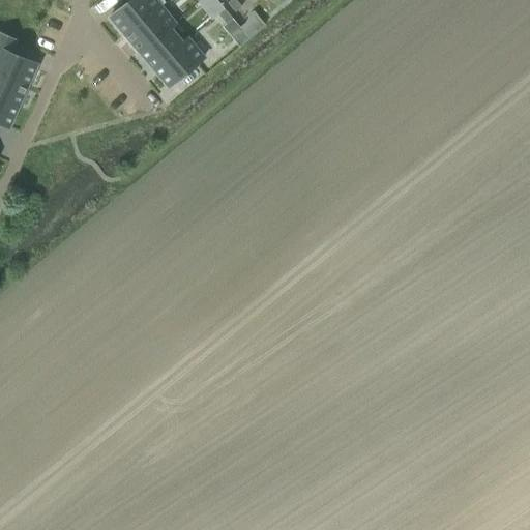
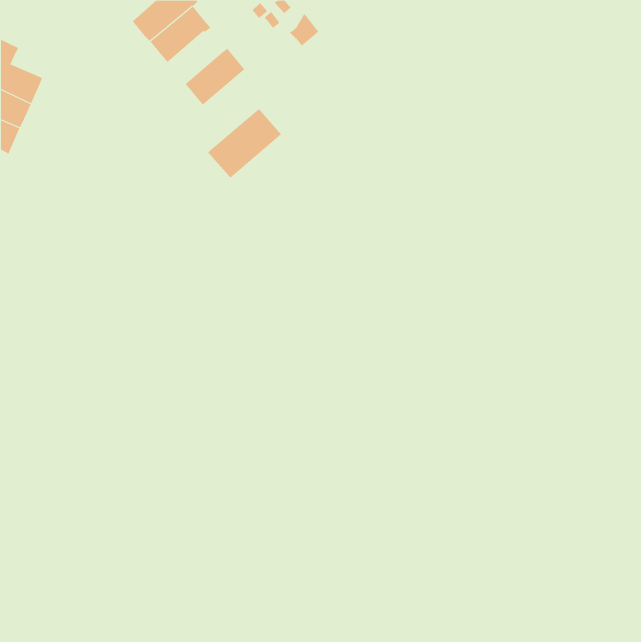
building: [139,26,183,69] -> none
building: none -> [207,108,282,179]

